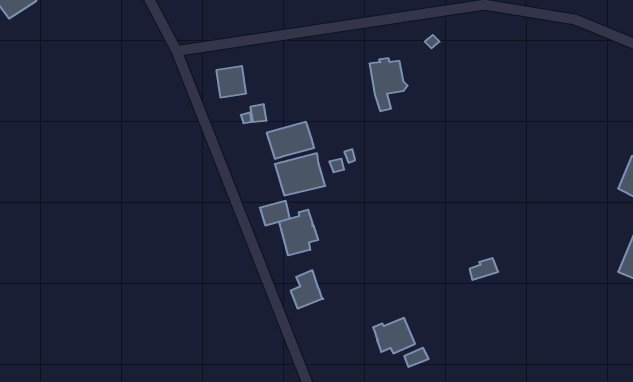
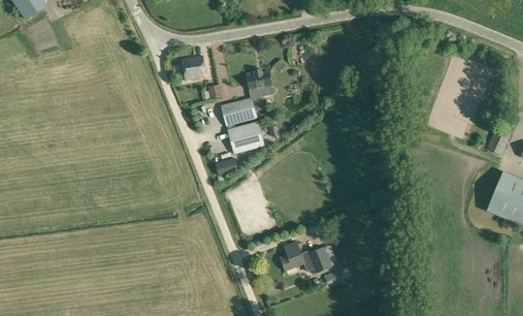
building: [369,58,408,111] -> [247,69,275,109]
building: [279,210,318,255] -> none
building: [291,270,323,308] -> [281,241,305,270]

